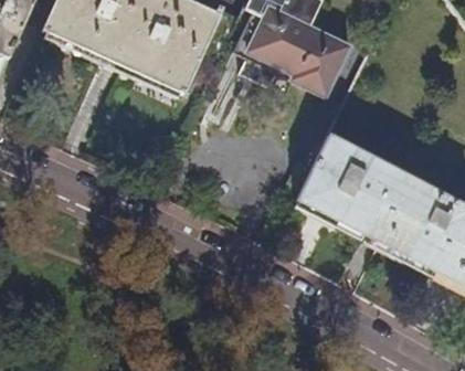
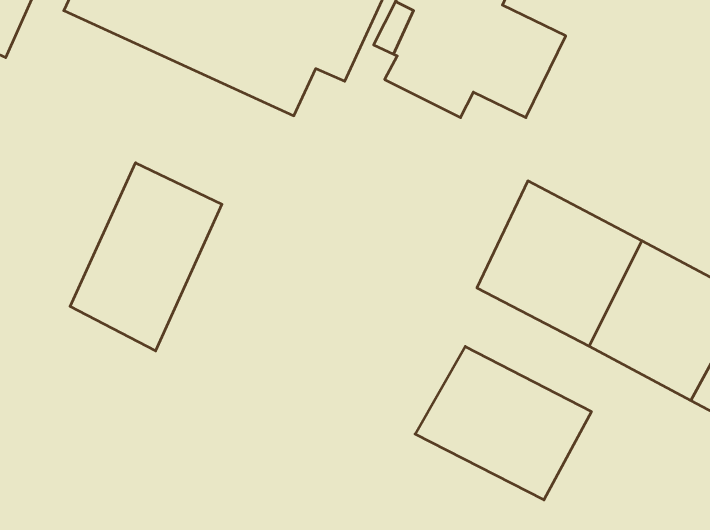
building: none -> [70,163,222,351]
building: none -> [415,346,591,500]

